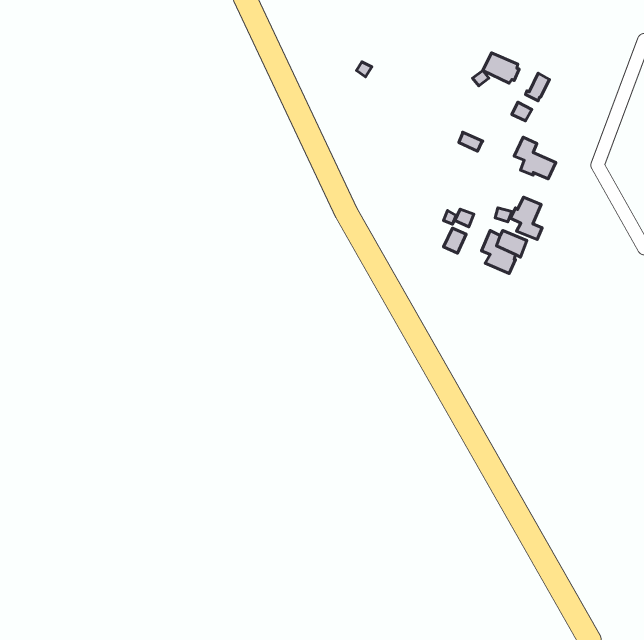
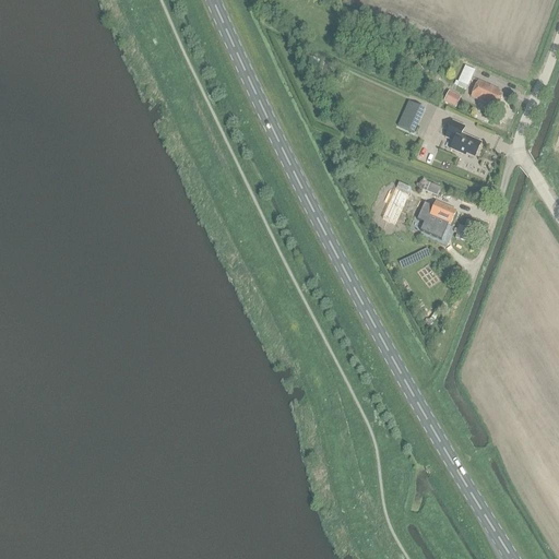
building: [483,53,519,83] -> [471,79,502,105]
building: [511,197,542,240] -> none

